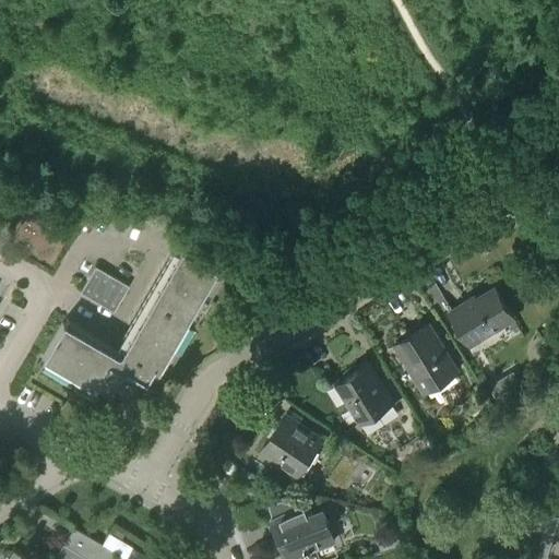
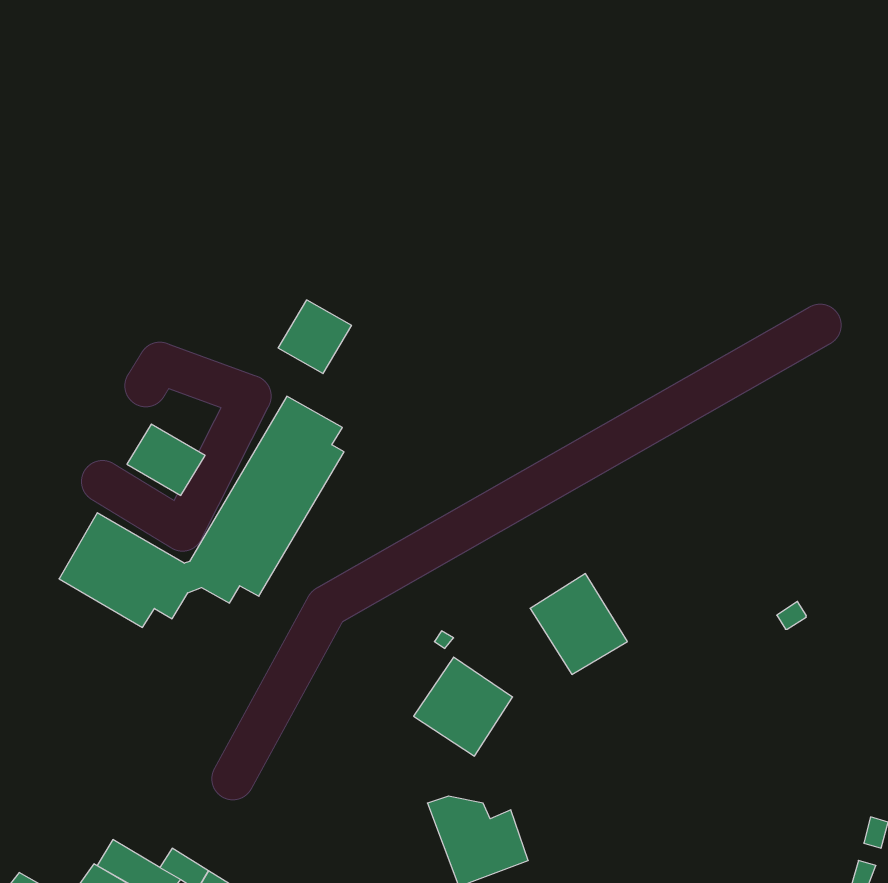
building: none -> [278,300,351,374]
building: [450,292,513,346] -> none
building: [395,326,456,394] -> none

